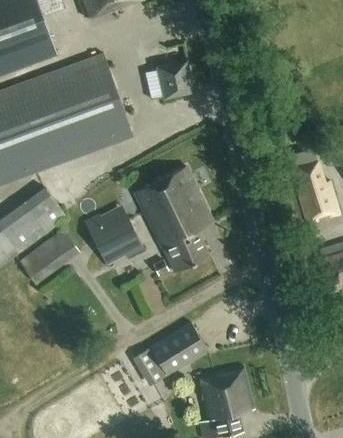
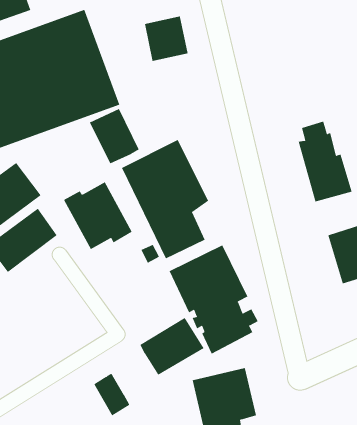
building: none -> [89,108,140,164]
building: none -> [169,244,258,354]
building: [132,347,164,385] -> [94,373,130,416]

